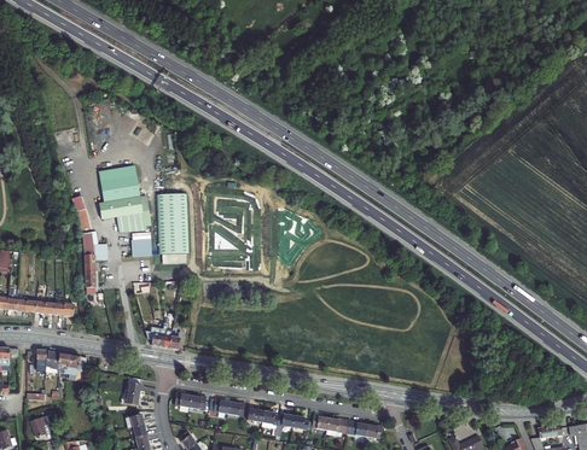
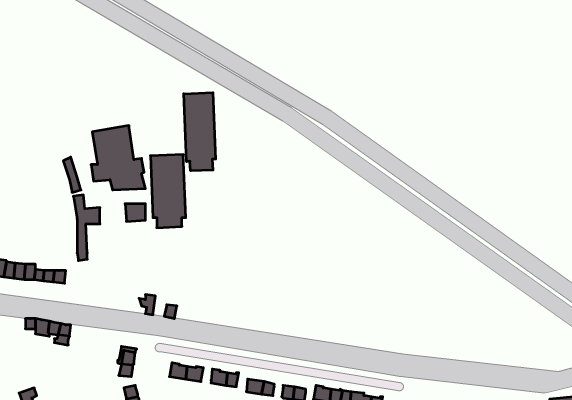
building: none -> [184,93,216,171]

